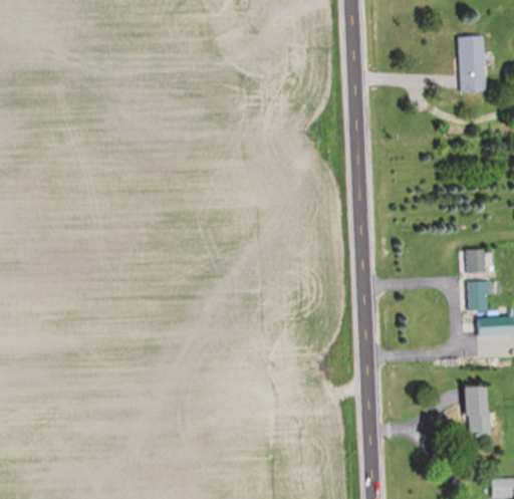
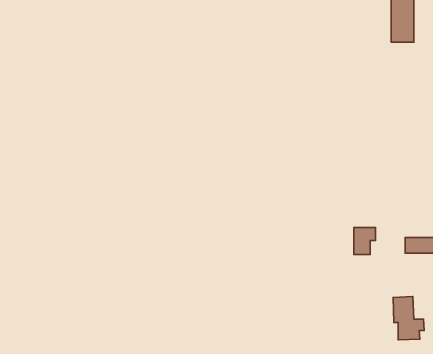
building: [465,250,488,273] -> none
building: [469,281,494,312] -> [354,228,375,255]

